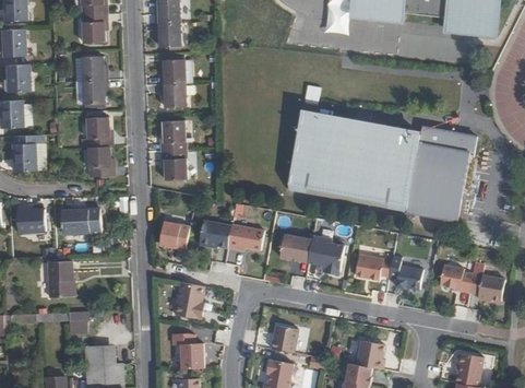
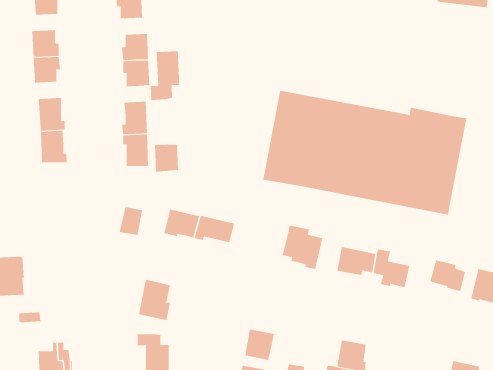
building: none -> [150,51,180,101]
building: none -> [154,144,179,172]
building: [61,210,100,236] -> none
building: [278,231,311,260] -> none

